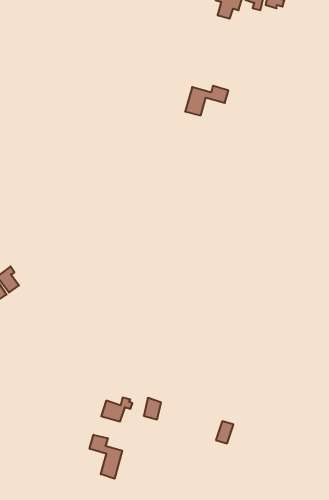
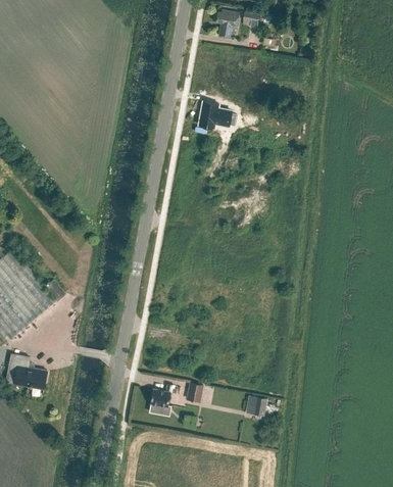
building: [90,435,122,479] -> none

